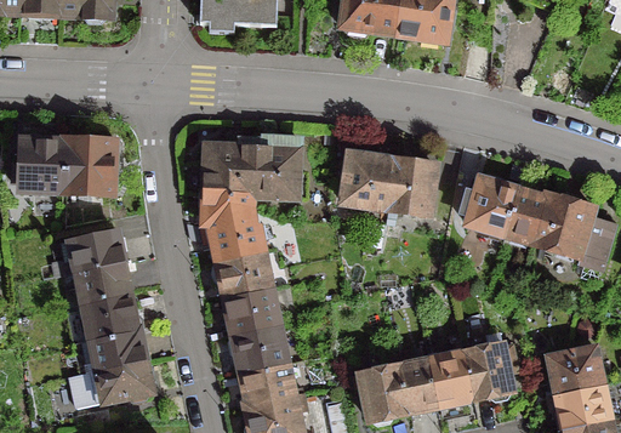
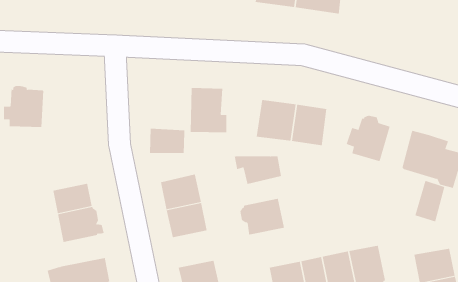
building: [62,137,118,193] -> none
building: [203,138,256,196] -> none
building: [503,189,543,244] -> [415,180,445,222]
building: [199,224,262,262] -> [234,156,282,185]
building: [68,232,124,273] -> none
building: [227,325,286,374] -> [239,198,285,235]
building: [84,330,144,372] -> none

